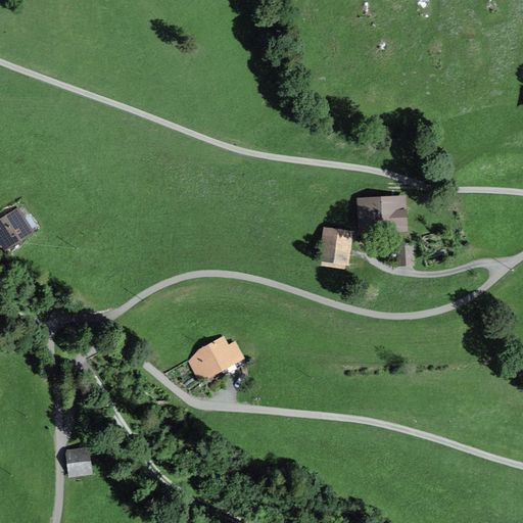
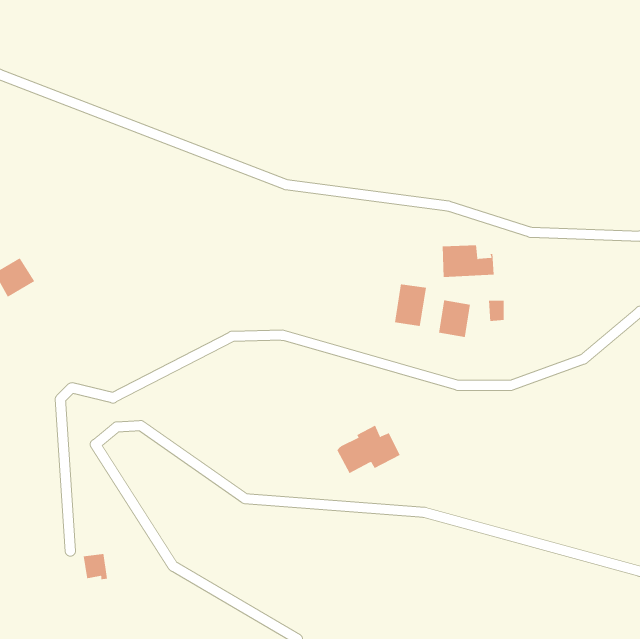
building: none -> [438,300,470,338]
building: [191,335,243,375] -> [336,425,400,474]

